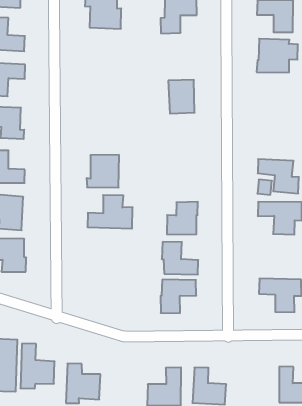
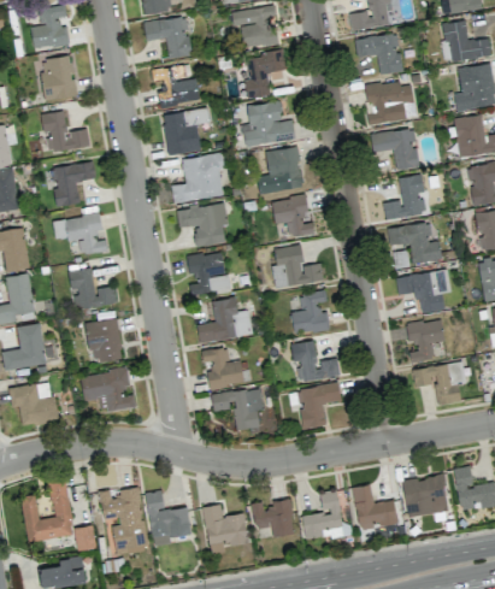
building: none -> [163,108,210,155]
building: none -> [242,101,296,147]
building: none -> [171,153,224,204]
building: none -> [371,128,419,170]
building: none -> [177,204,229,247]
building: none -> [383,175,426,219]
building: none -> [272,195,314,237]
building: none -> [273,245,324,288]
building: none -> [201,347,244,388]
building: none -> [408,318,446,364]
building: none -> [212,388,264,430]
building: none -> [252,499,296,537]
building: none -> [402,475,449,517]

